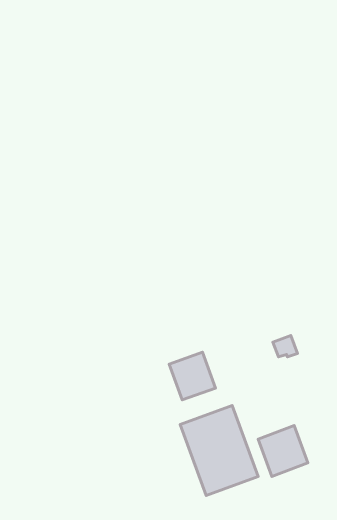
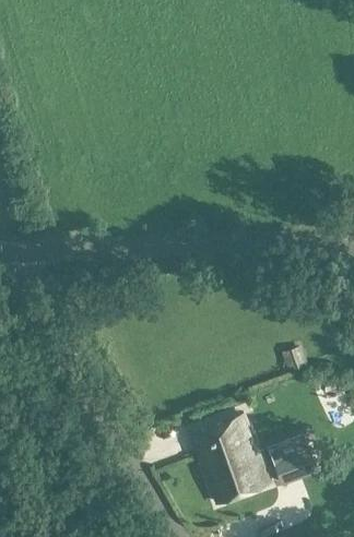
building: [169,352,216,400] -> none

